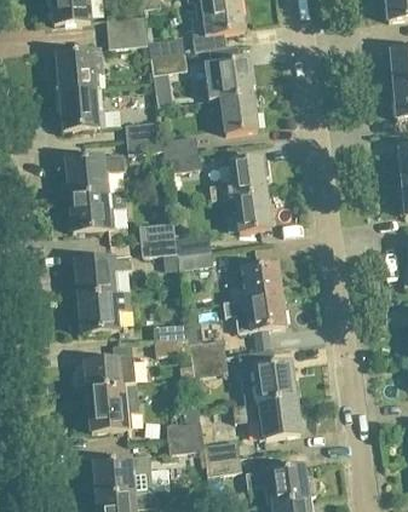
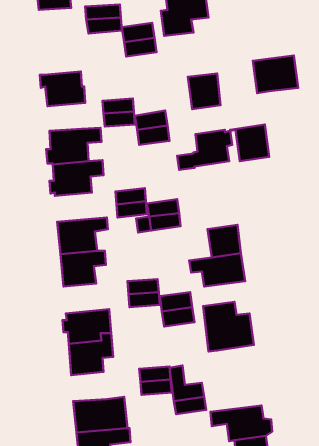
building: [56,48,103,94] -> none
building: [202,57,253,99] -> [253,55,298,93]
building: [228,191,271,232] -> [230,124,269,161]
building: [231,397,299,439] -> none

